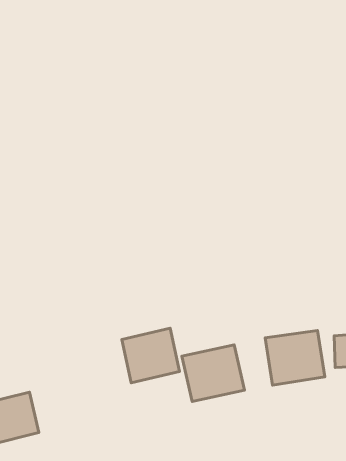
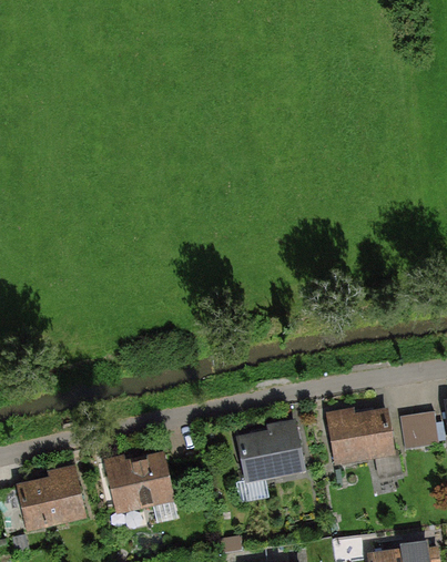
building: [122,328,179,383] -> [111,450,173,509]

